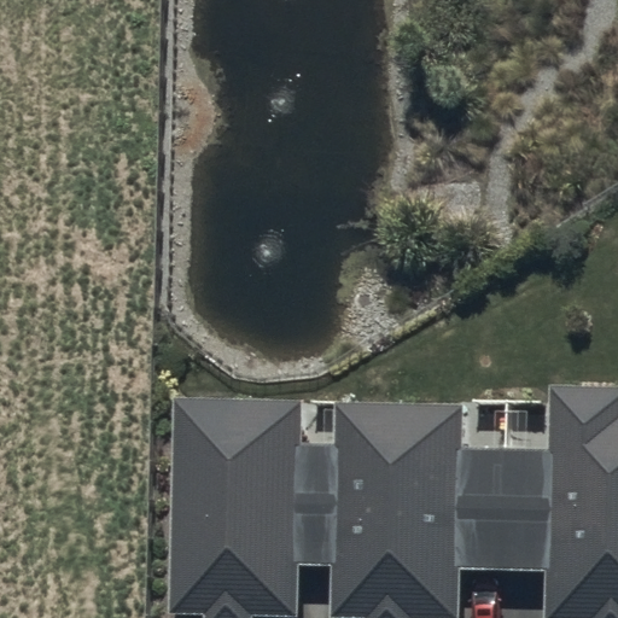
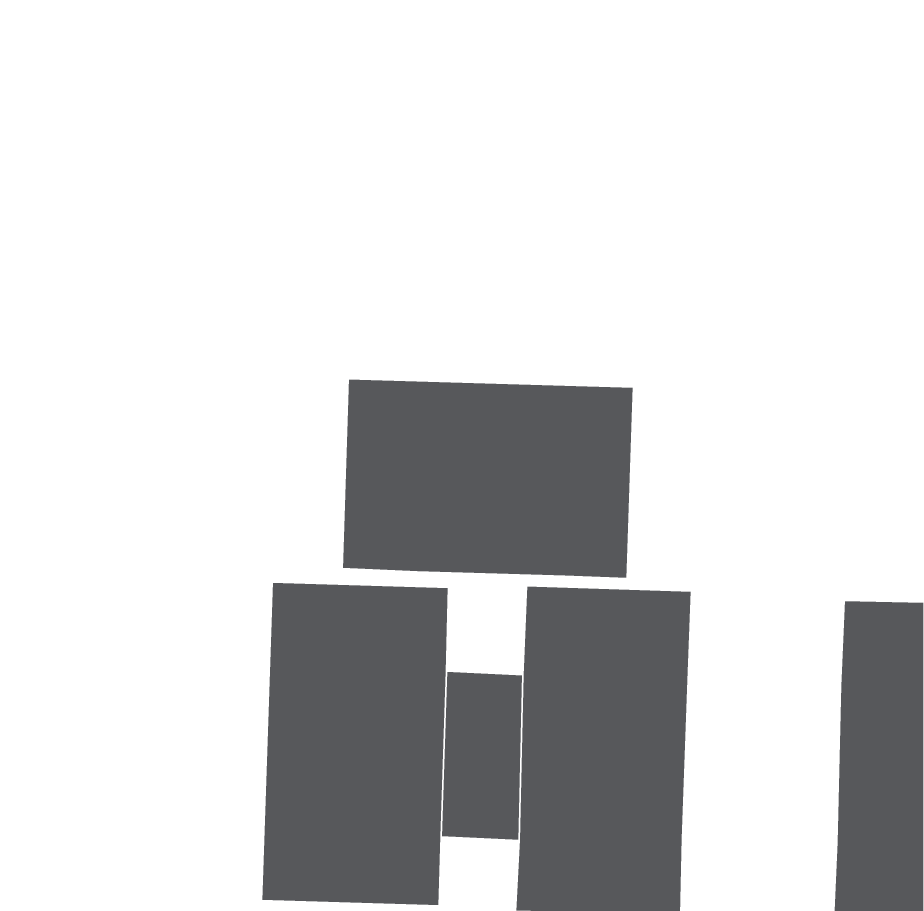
building: none -> [342,379,633,579]
building: [454,464,559,571] -> none

